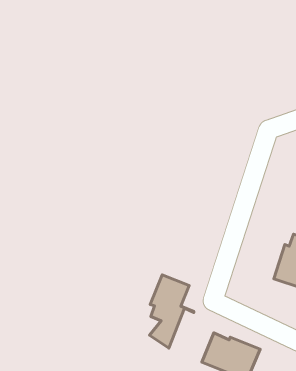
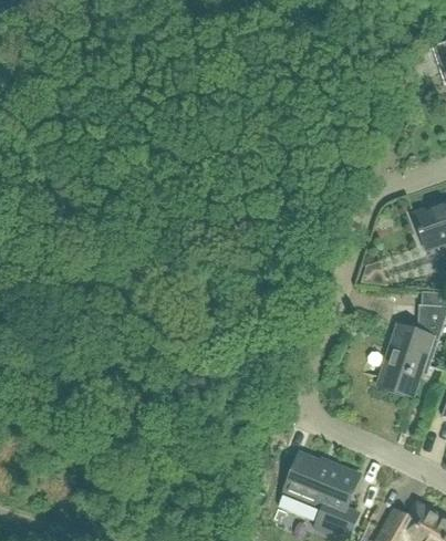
building: [150,275,194,348] -> none

